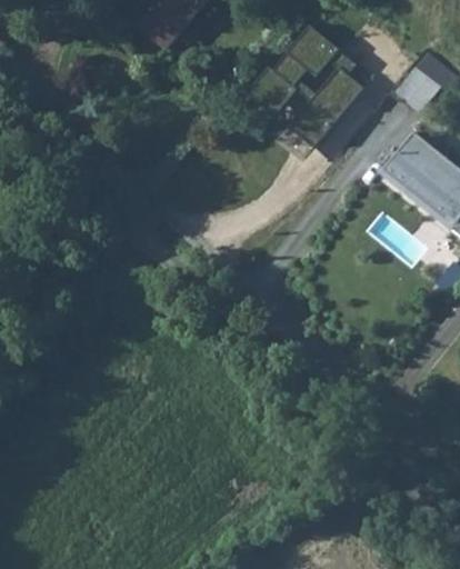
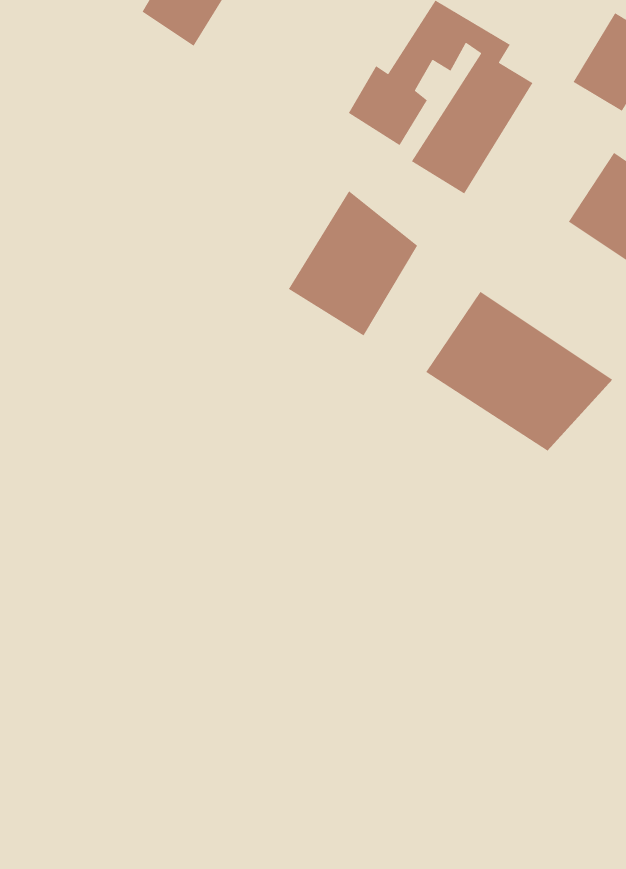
building: none -> [288,190,418,337]
building: none -> [425,291,613,452]

